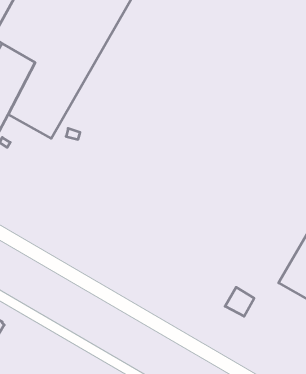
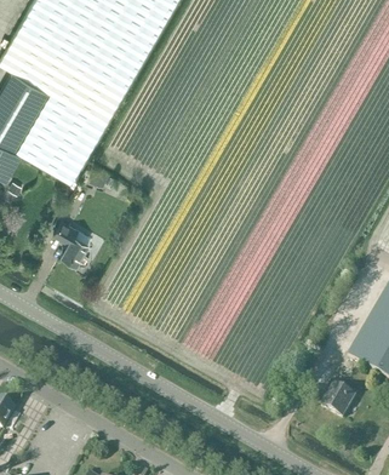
building: none -> [56,219,91,263]
building: [225,287,254,316] -> [322,382,357,417]

